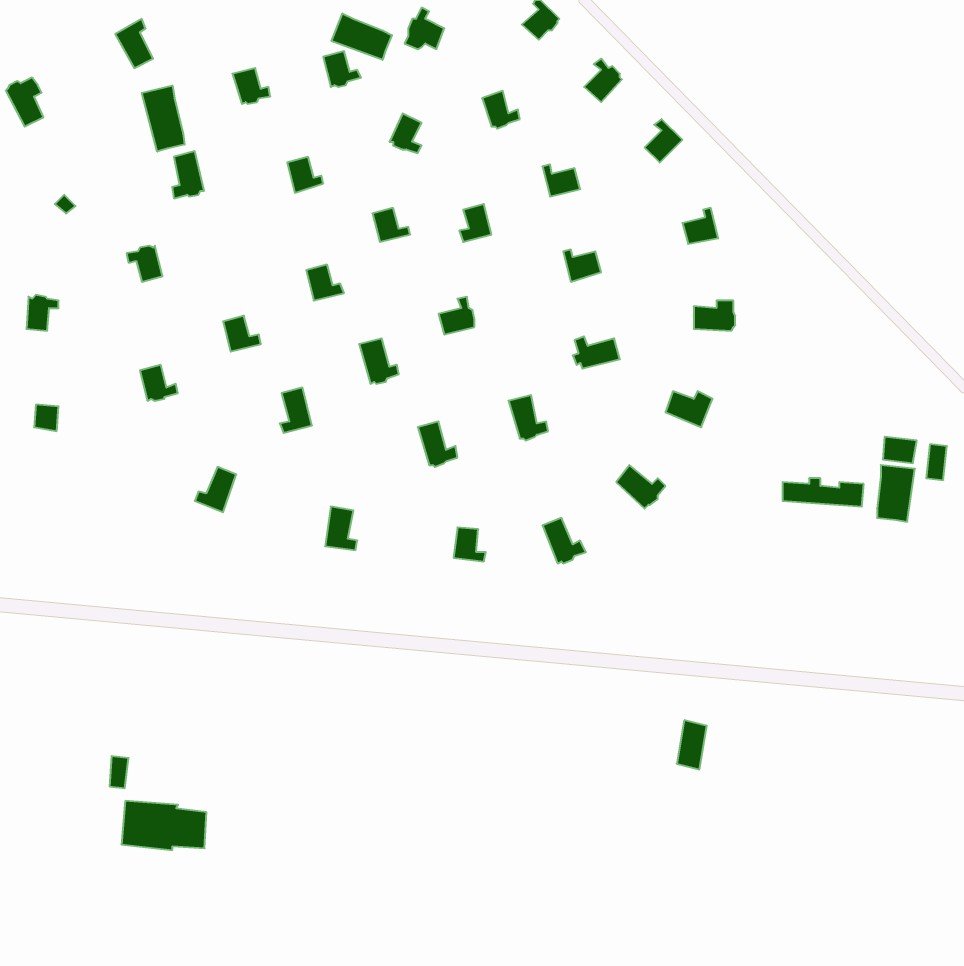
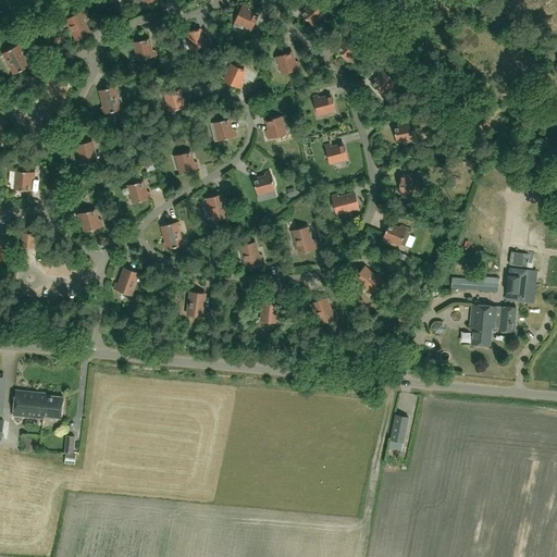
building: [331,13,392,60] -> none
building: [142,86,185,152] -> none
building: none -> [469,305,516,346]
building: [121,801,206,850] -> [12,391,61,419]

